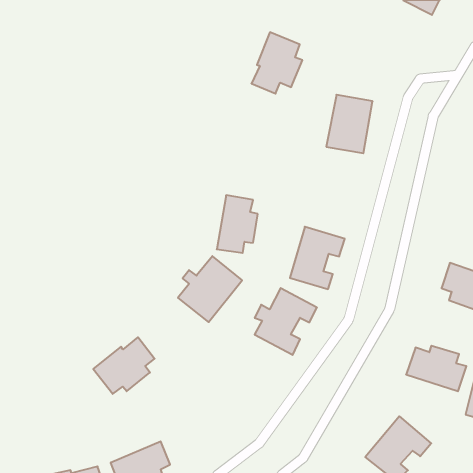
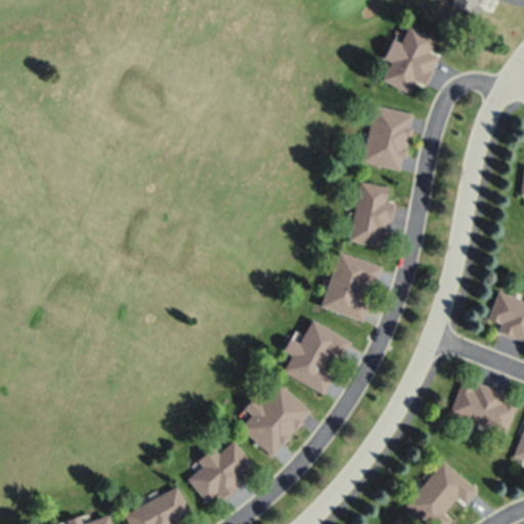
building: [251,32,302,94] -> [382,26,438,93]
building: [217,195,258,253] -> [349,182,394,246]
building: [178,256,242,322] -> [239,383,310,455]
building: [93,337,155,394] -> [184,440,252,503]

